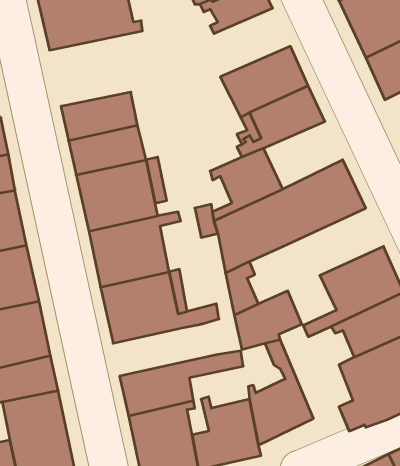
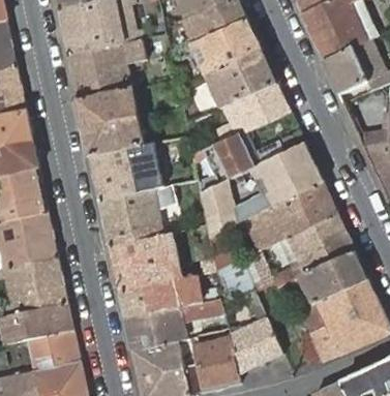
building: none -> [190,21,262,77]
building: none -> [66,39,146,100]
building: none -> [256,183,337,245]
building: none -> [118,277,203,319]

